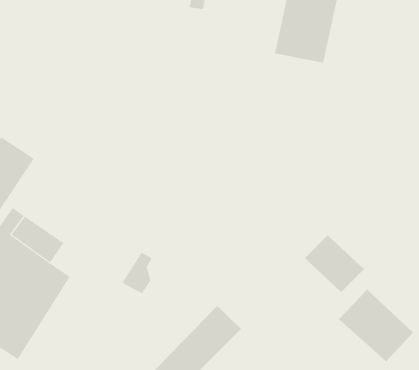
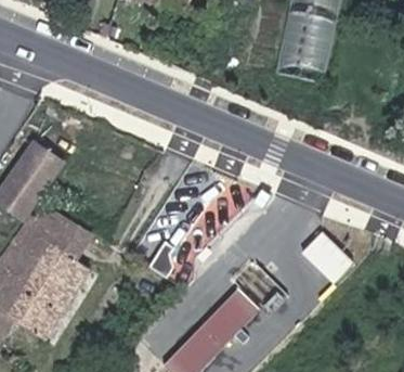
building: [338,289,414,362] -> none

